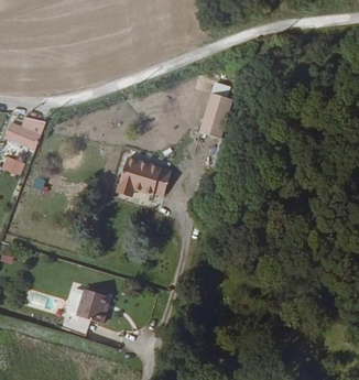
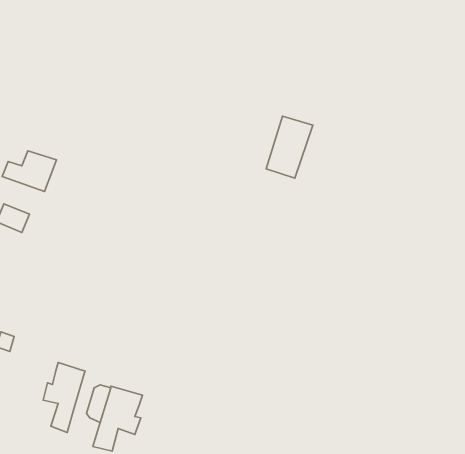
building: [117,159,171,197] -> none
building: none -> [43,363,85,432]

